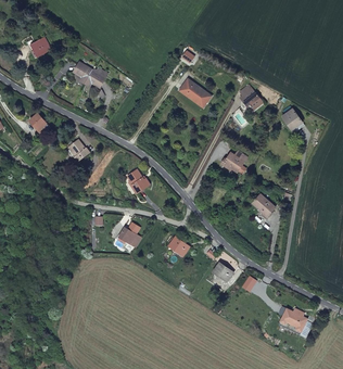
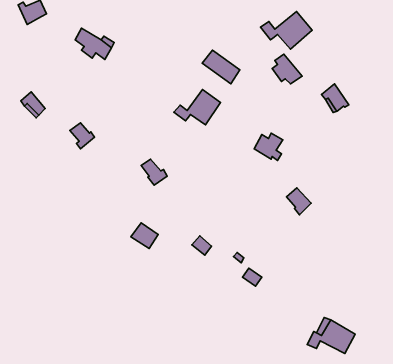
building: none -> [261,11,312,49]
building: none -> [174,89,220,125]

